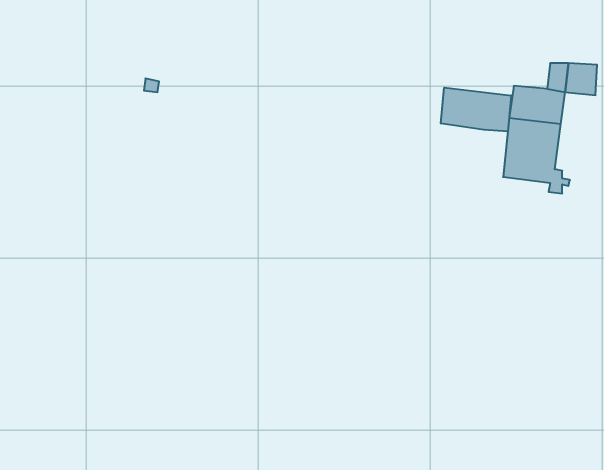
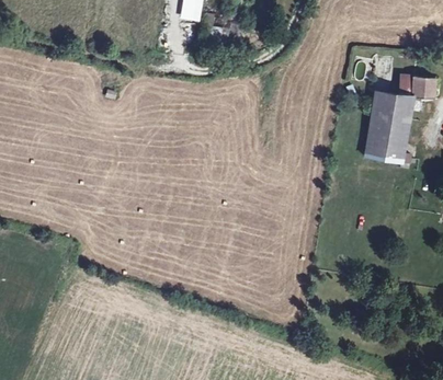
building: [441,88,511,132] -> none

